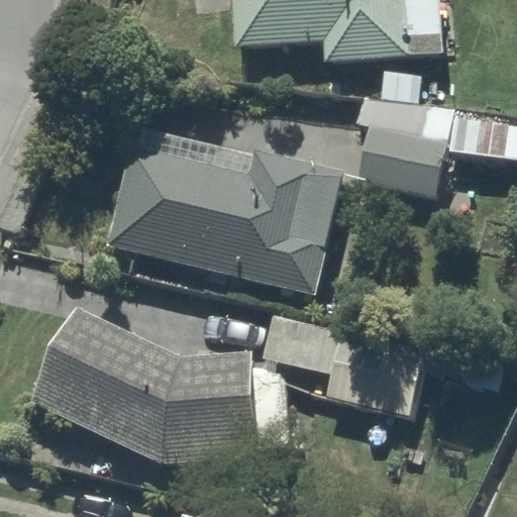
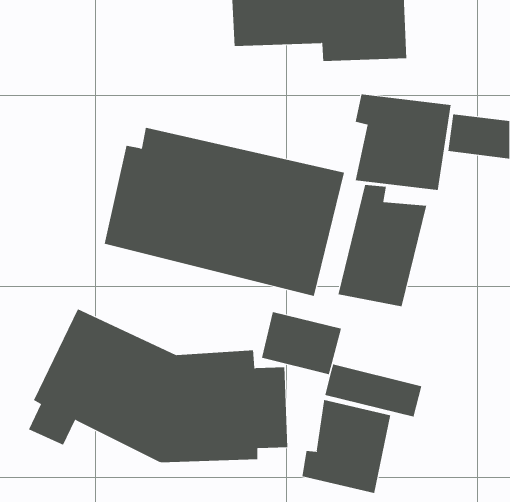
building: none -> [338,184,427,307]
building: none -> [302,399,391,494]

